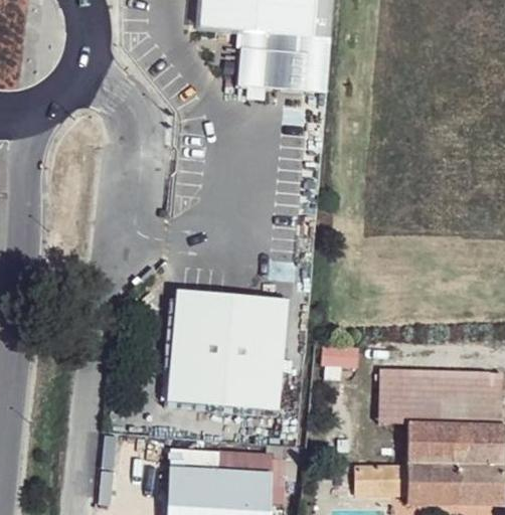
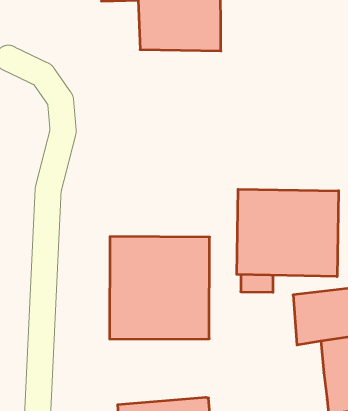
building: none -> [237,189,339,277]
building: [170,451,270,478] -> none
building: [353,463,405,493] -> none

